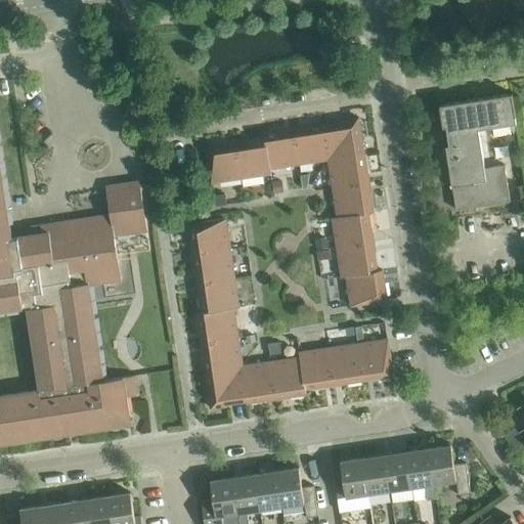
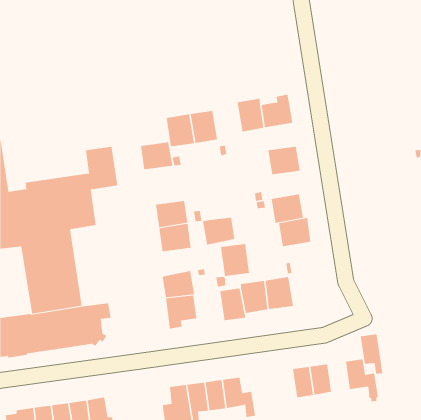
building: [439,95,516,212] -> none
building: [263,129,300,170] -> none
building: [328,155,367,188] -> none
building: [331,215,372,249] -> none
building: [188,221,229,256] -> [140,142,173,170]
building: [195,310,236,345] -> [202,217,235,245]
building: [358,341,392,382] -> none
building: [241,363,277,404] -> [220,244,250,277]
building: [406,450,435,500] -> [360,334,383,374]
building: [336,460,367,499] -> none

